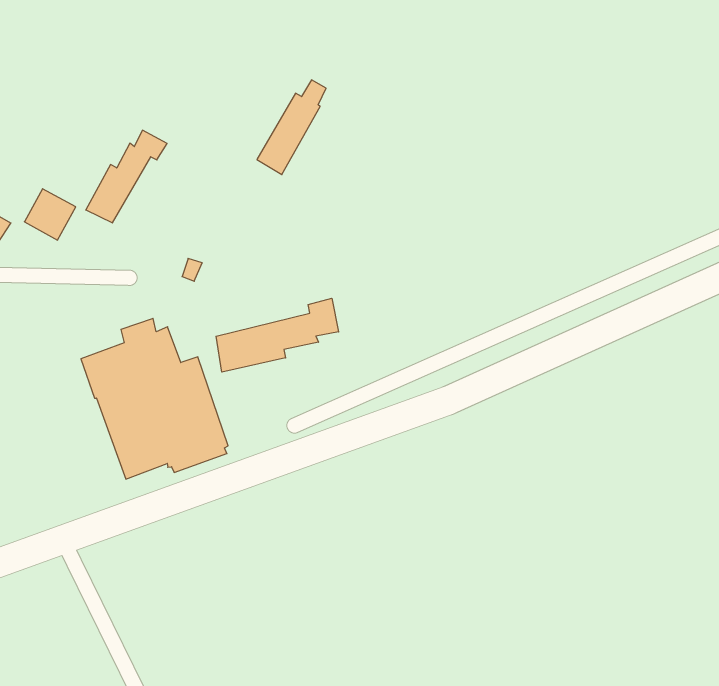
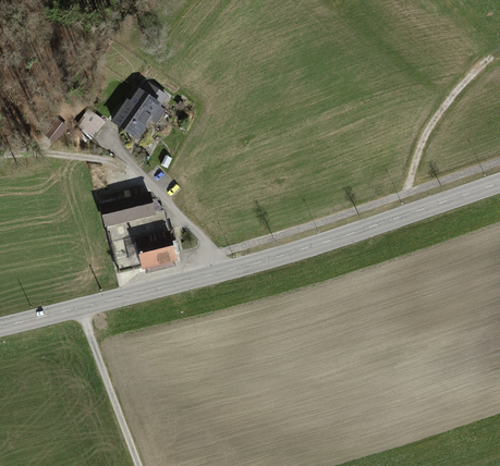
building: [257,80,326,175] -> [125,89,168,140]
building: [216,298,339,372] -> none

